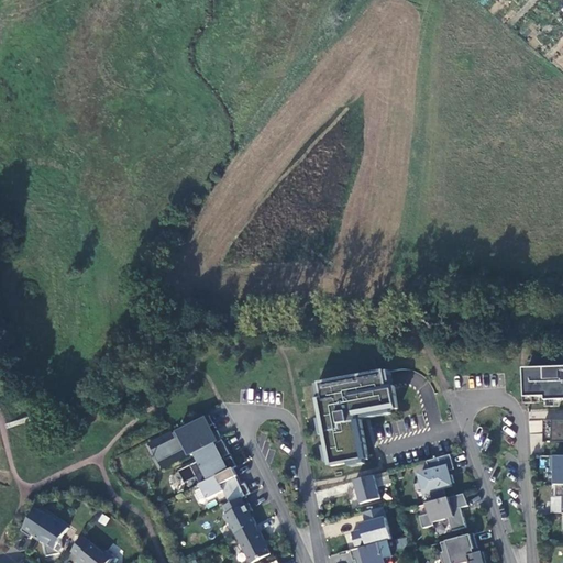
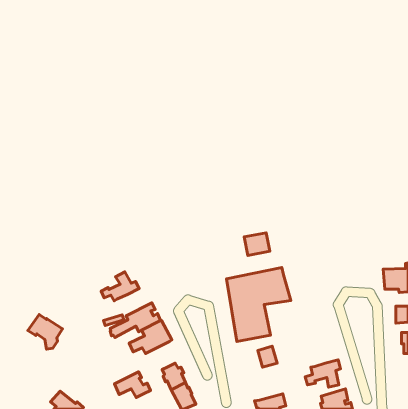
building: none -> [244,233,270,255]
building: none -> [101,272,139,301]
building: [419,453,453,501] -> none
building: [199,467,249,503] -> [114,372,150,398]
building: [20,507,67,554] -> [28,315,62,349]
building: [351,507,390,548] -> none

